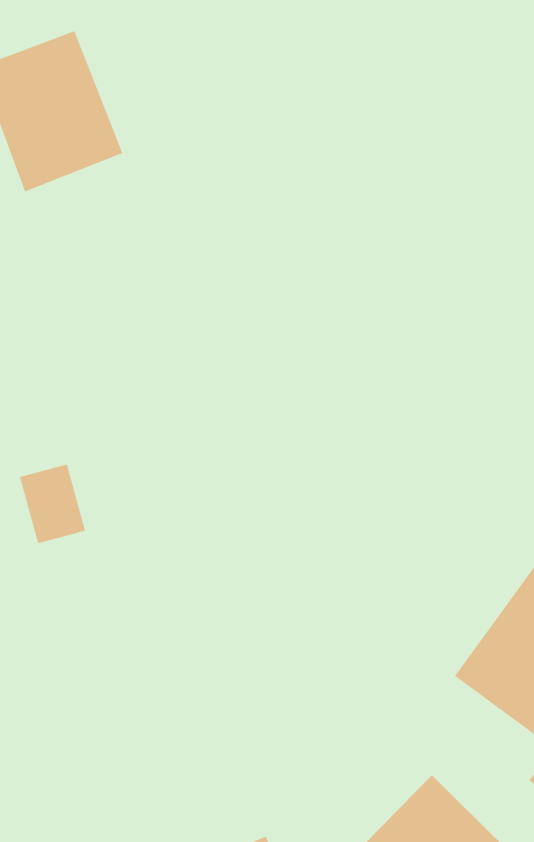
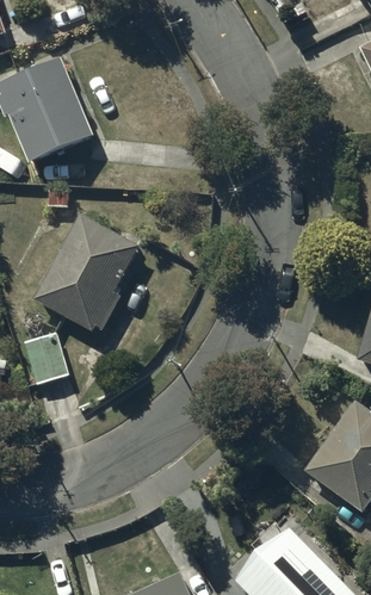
building: none -> [33,211,140,333]

